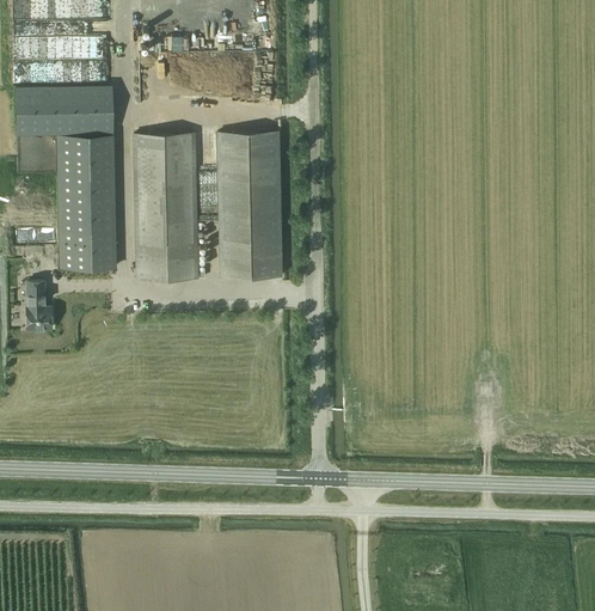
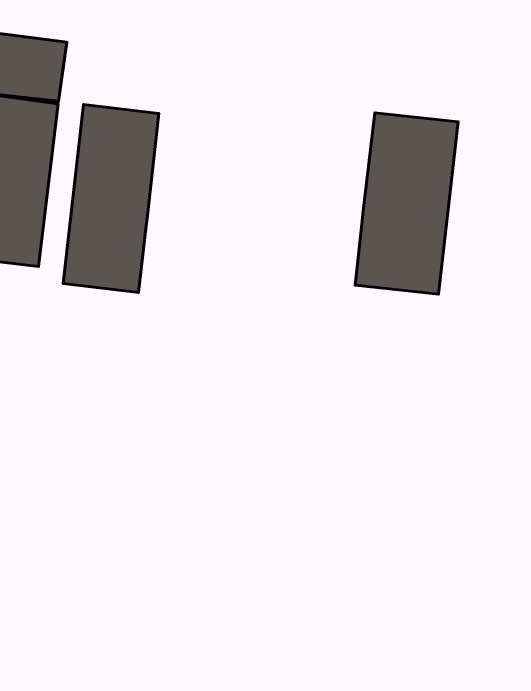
building: none -> [355,113,458,294]
building: [197,132,283,277] -> none

